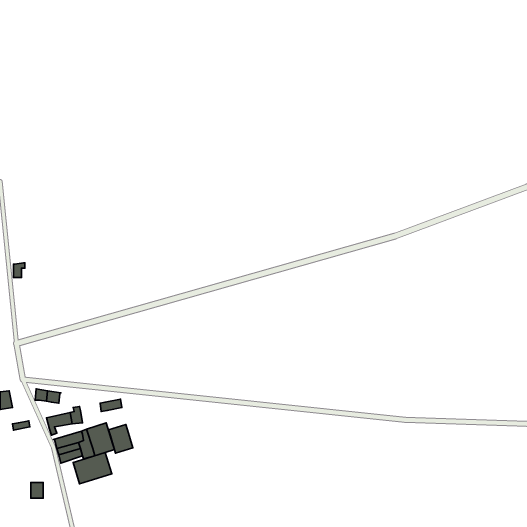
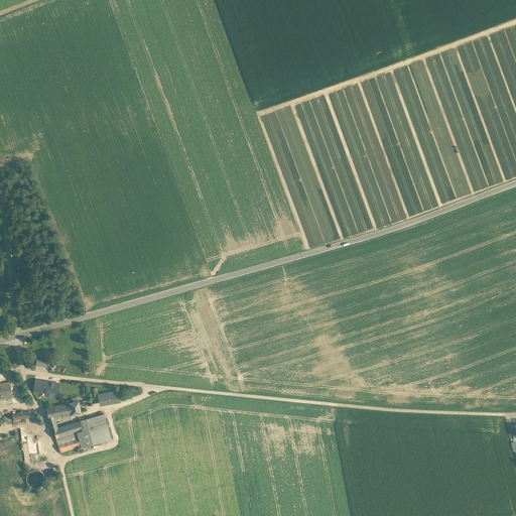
building: [108,425,133,453] -> none
building: [73,453,112,484] -> none

